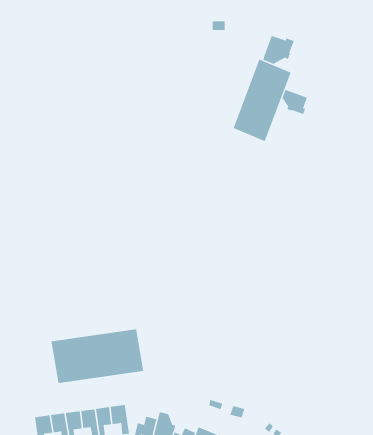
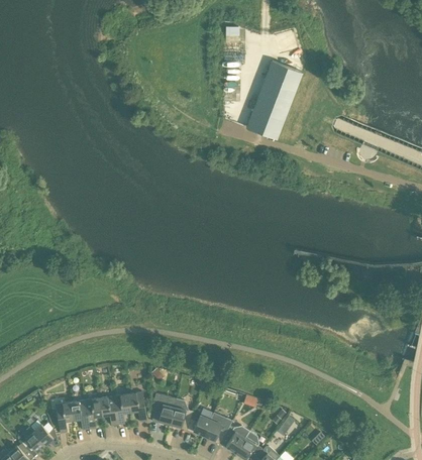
building: [263,35,294,65] -> none
building: [282,89,307,115] -> none
building: [51,328,144,384] -> none

